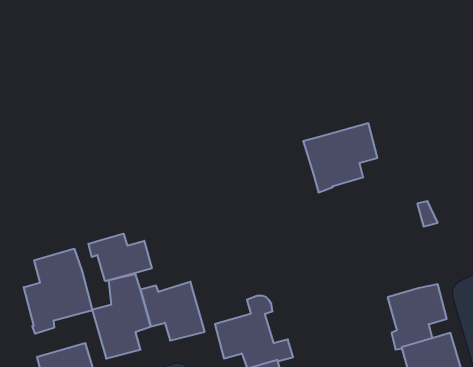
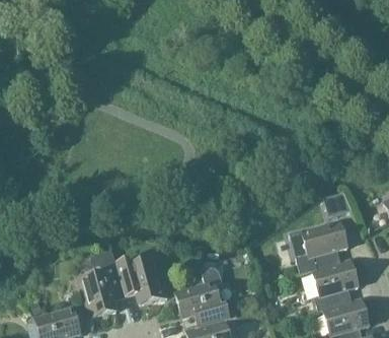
building: [303,123,377,192] -> [289,219,347,274]
building: [88,234,152,281] -> none
building: [24,249,92,334] -> none

